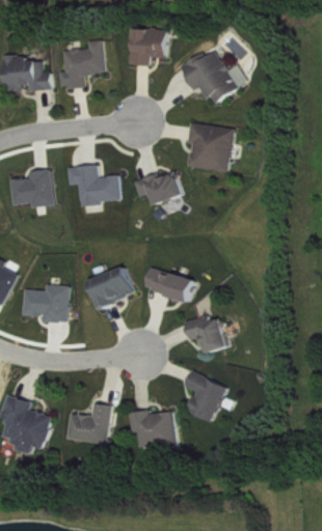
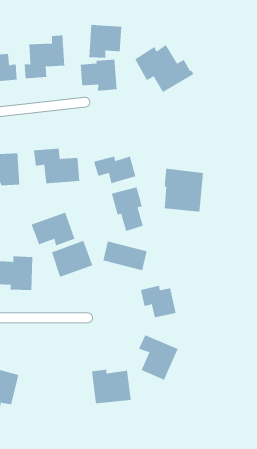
building: none -> [80,59,117,92]
building: [187,122,232,171] -> [164,168,204,212]
building: none -> [111,187,143,232]
building: none -> [31,212,75,246]
building: [68,403,111,443] -> none

